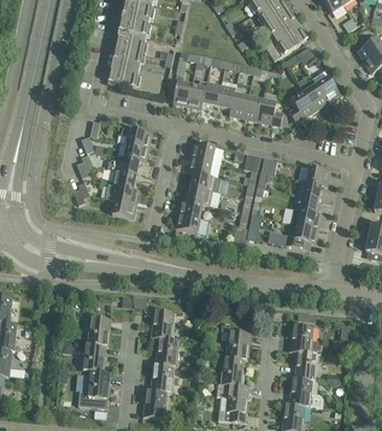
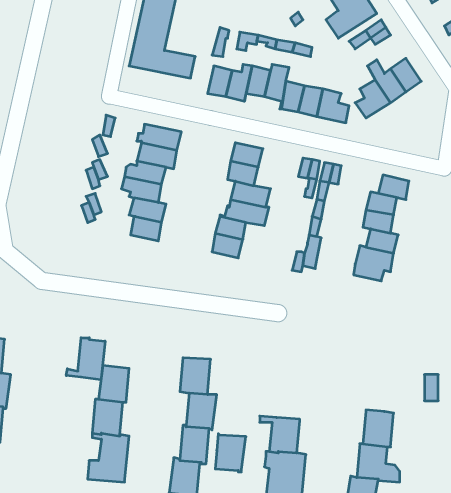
building: none -> [66,338,105,380]
building: [288,323,321,353] -> none
building: [225,329,249,359] -> [215,434,246,472]

